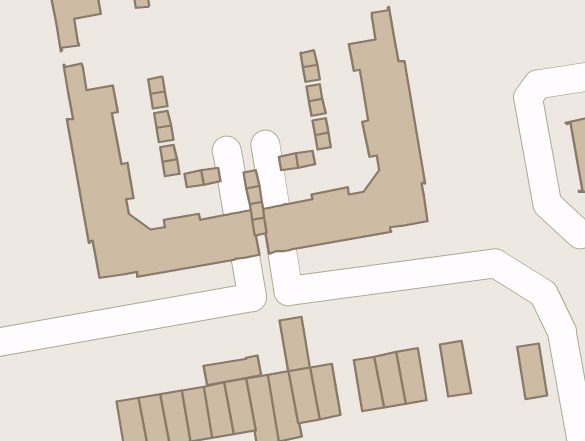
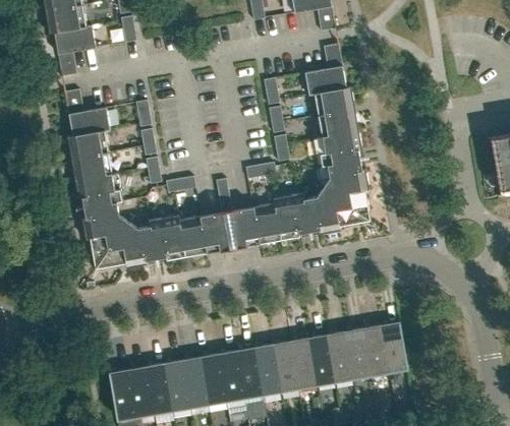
building: [280,317,310,371] -> [290,338,316,383]
building: [517,343,547,399] -> [362,324,388,371]
building: [203,356,261,385] -> none

